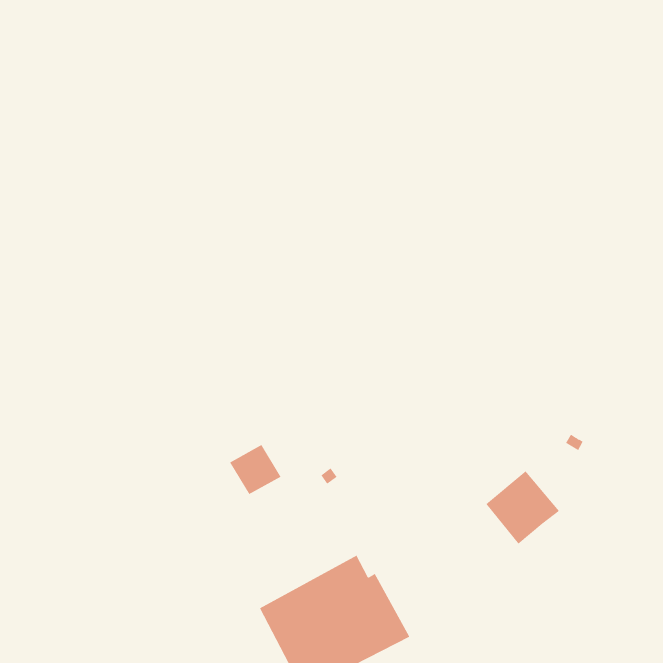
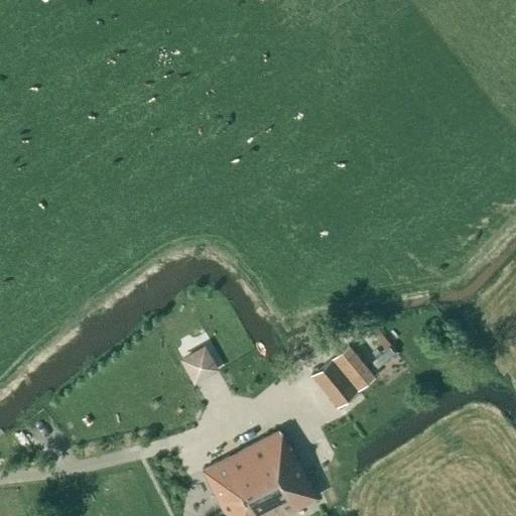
building: [486,470,560,545] -> [313,351,371,408]

